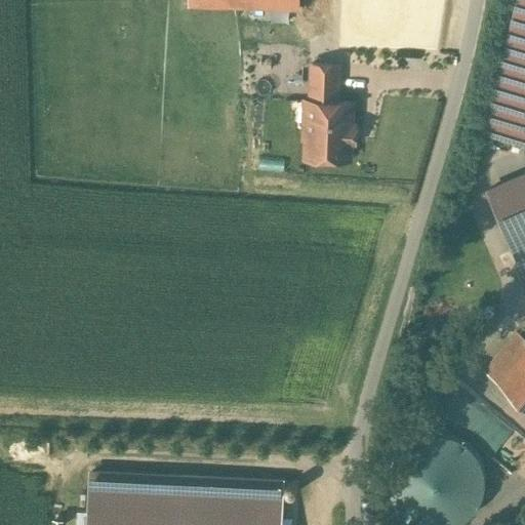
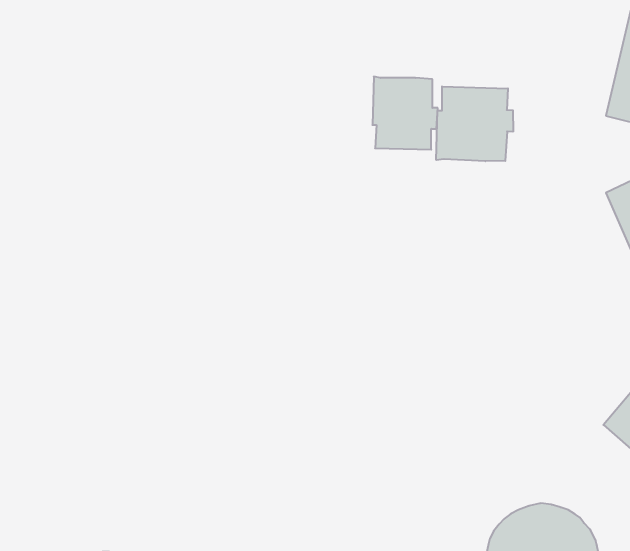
building: [311,69,339,106] -> none
building: none -> [436,86,513,161]

